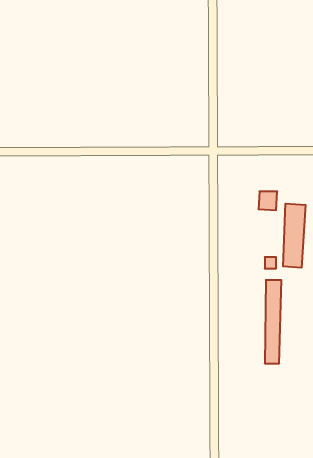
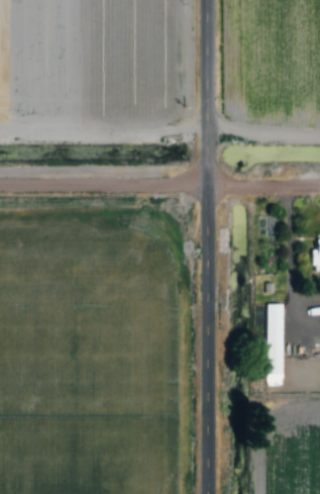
building: [283,204,305,268] -> none

